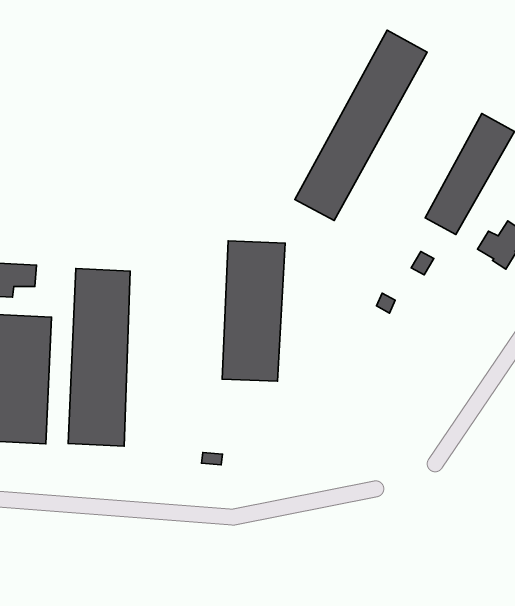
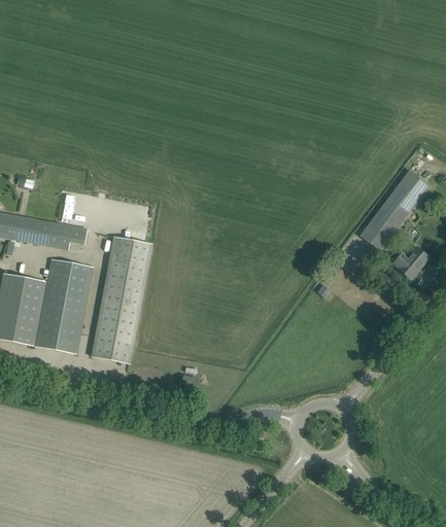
building: [295,30,427,221] -> none
building: [222,241,285,381] -> none

